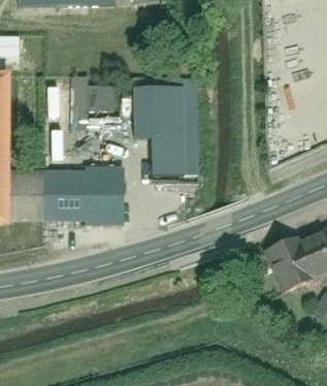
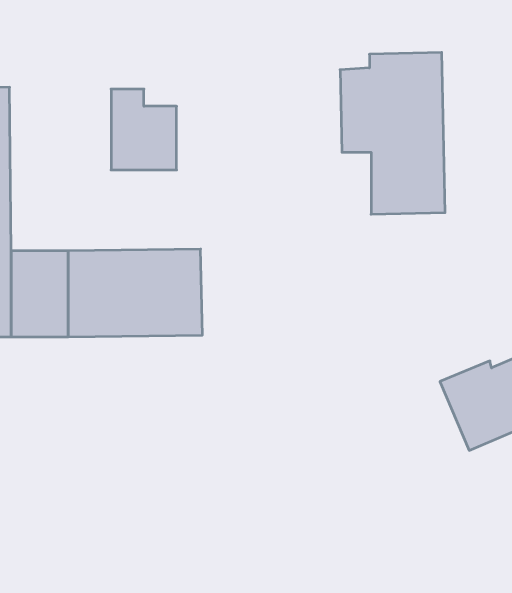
building: [135,75,198,172] -> [340,52,445,214]

